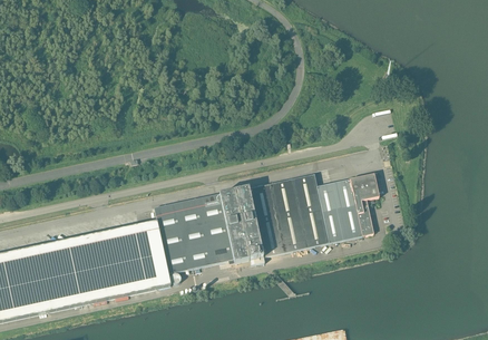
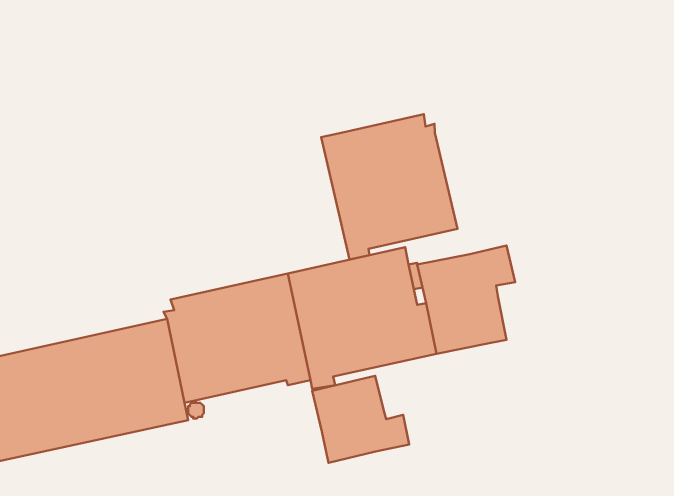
building: none -> [321,114,457,259]
building: none -> [312,376,409,463]

